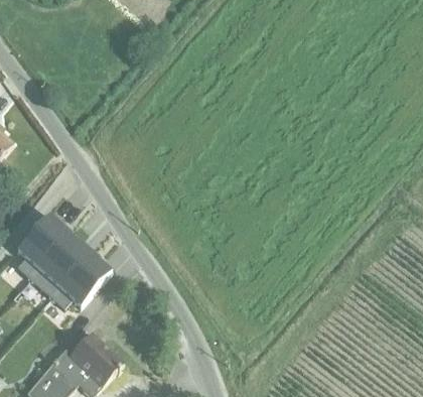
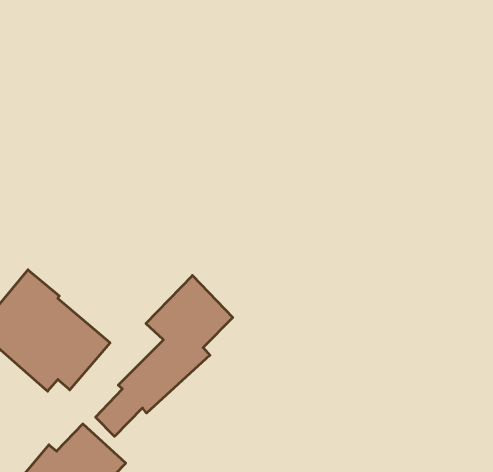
building: none -> [96,275,233,436]

